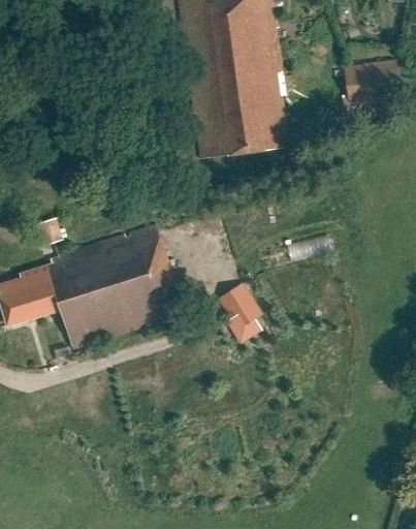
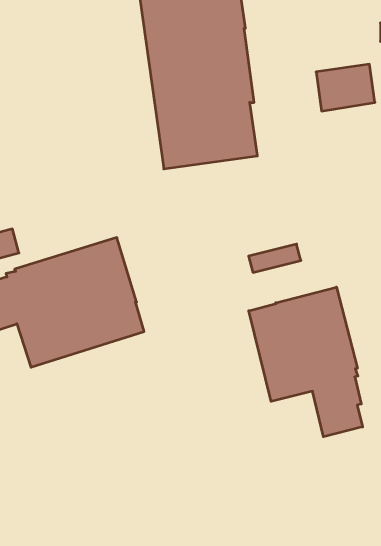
building: none -> [249,287,363,437]
building: [220,283,265,334] -> none

